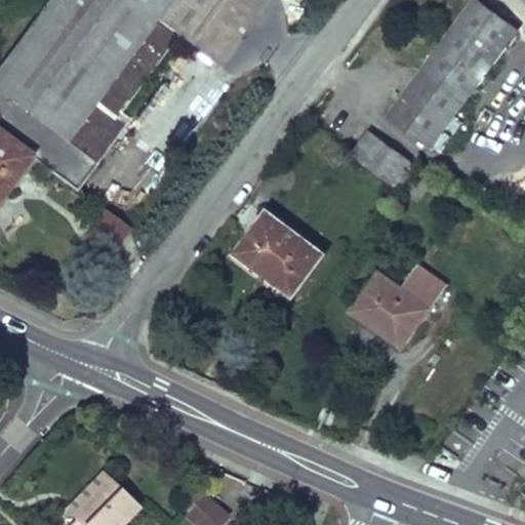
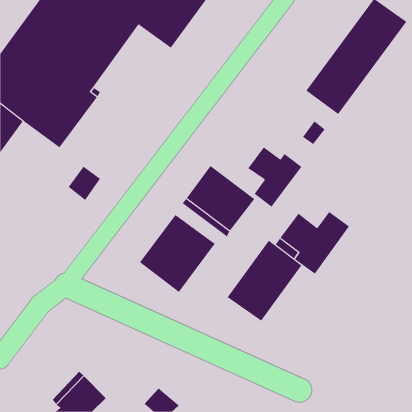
building: [354,130,399,173] -> none
building: none -> [248,147,302,207]
building: none -> [139,214,216,293]
building: none -> [227,240,302,321]

